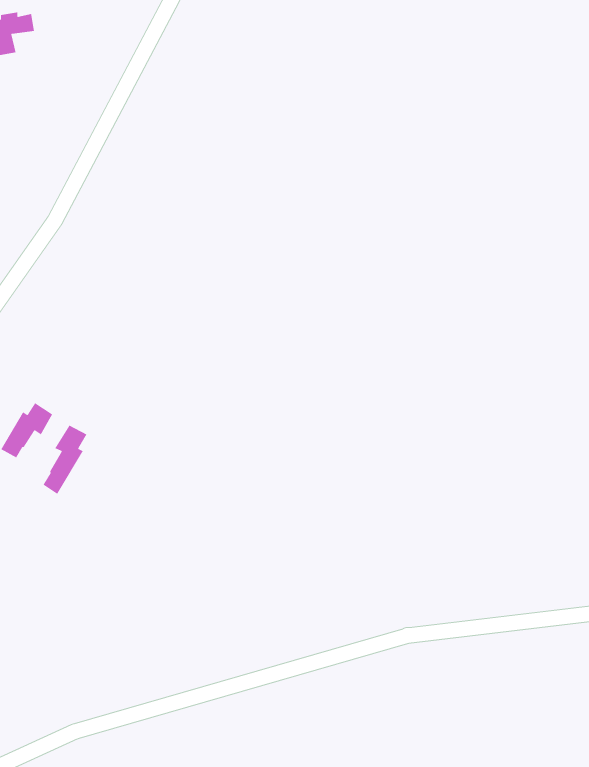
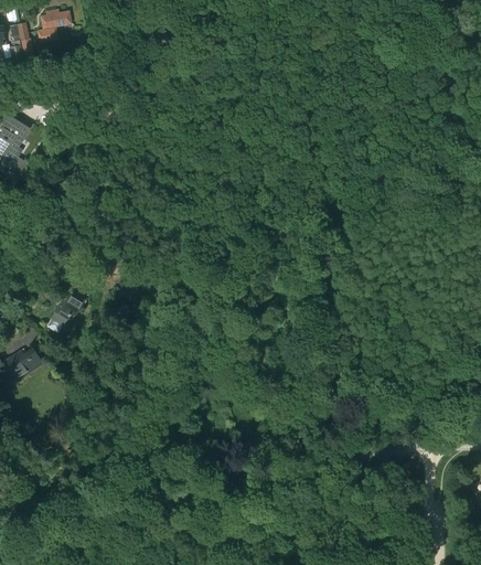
building: [42,425,88,495] -> none

